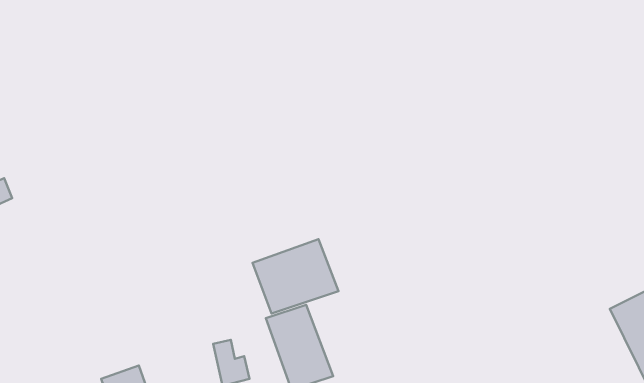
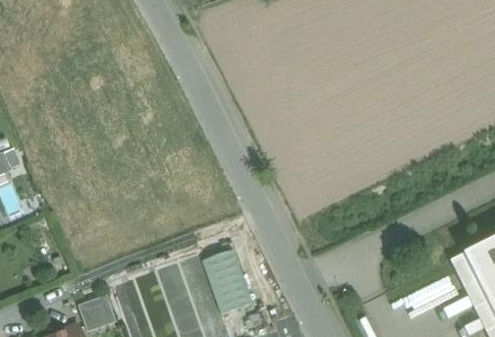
building: [252,239,339,313] -> none

